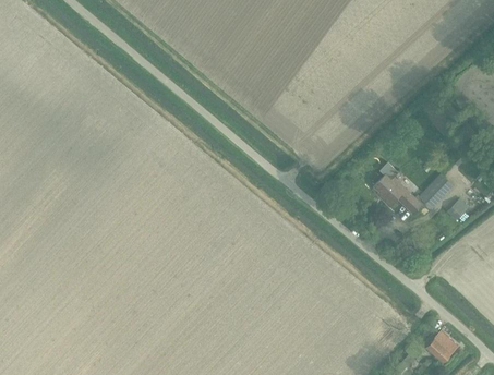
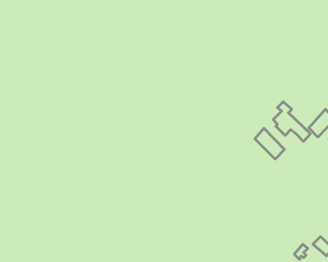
building: none -> [255,128,284,159]

